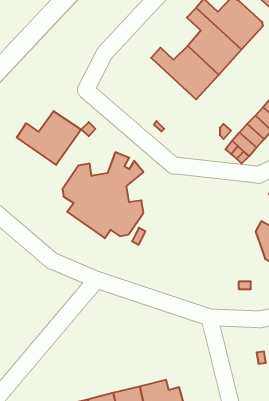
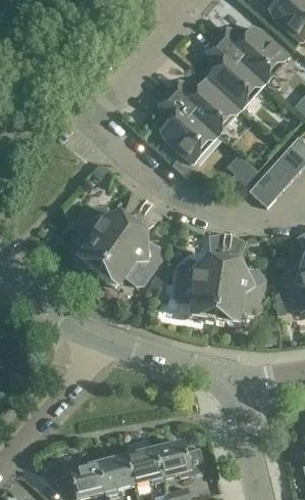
building: none -> [160,92,217,163]
building: [17,111,81,165] -> none
building: none -> [174,234,264,323]

